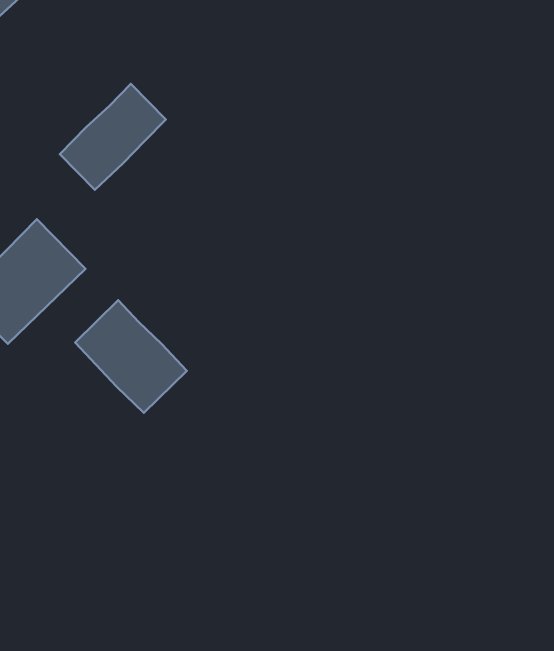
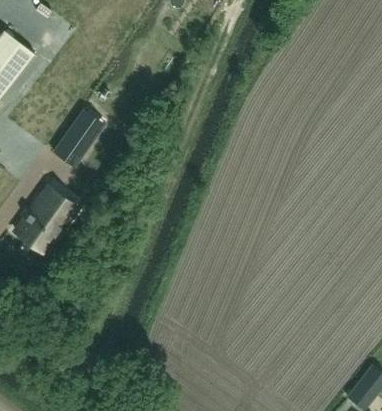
building: [75,300,187,413] -> none

